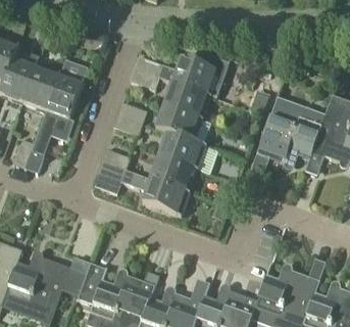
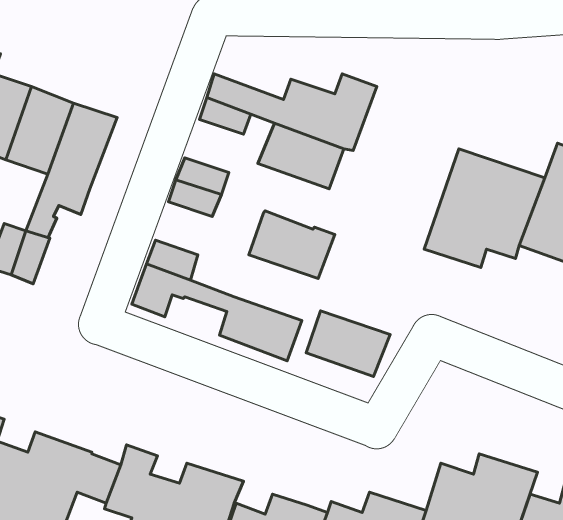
building: [155,105,203,142] -> none
building: [150,156,197,193] -> [306,311,390,377]

